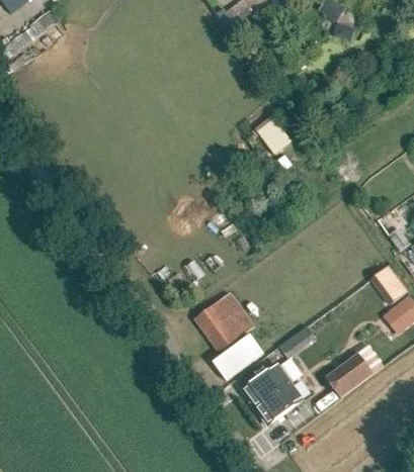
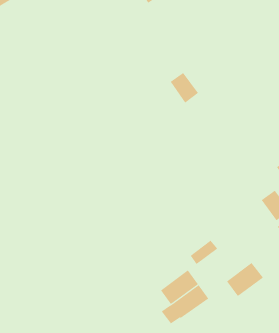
building: [195,292,255,352] -> none
building: [214,343,254,381] -> none

